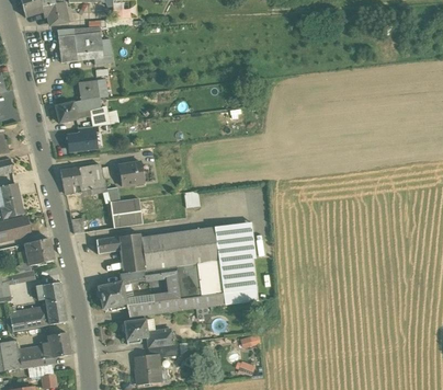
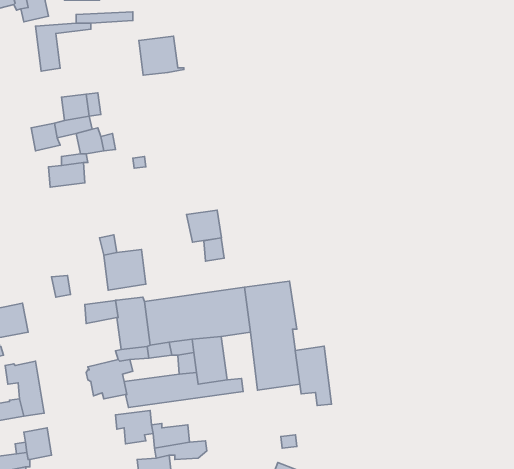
building: [73,31,107,60] -> [139,36,184,75]
building: [117,161,144,185] -> [187,210,221,242]
building: [60,163,106,193] -> none
building: [198,260,226,305] -> [295,346,332,406]

